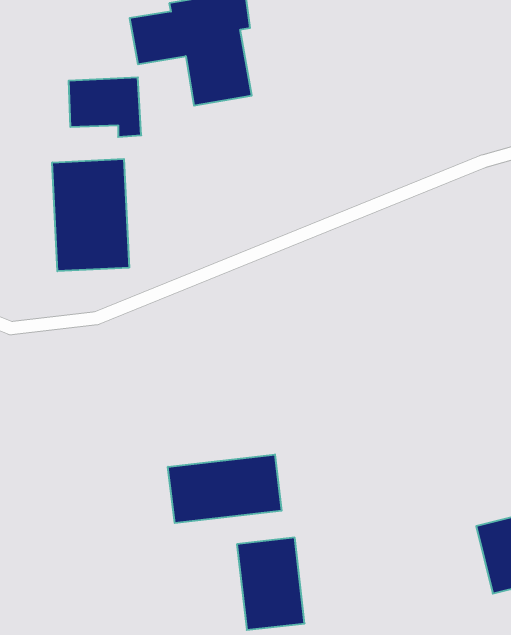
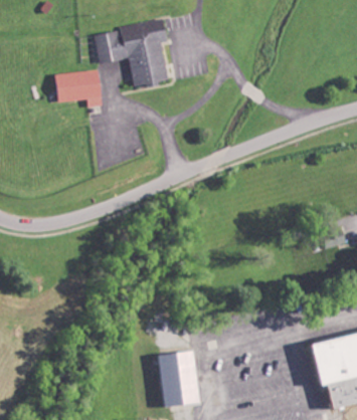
building: [52,159,129,271] -> none
building: [168,454,282,523] -> none

